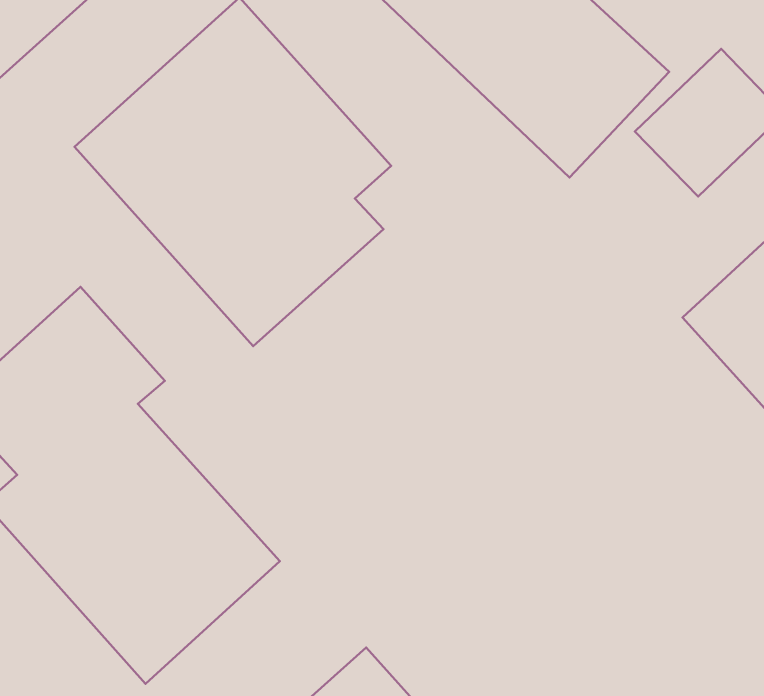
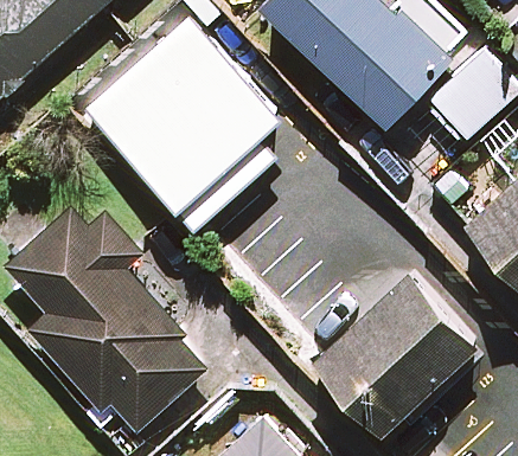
building: none -> [312,274,475,436]

